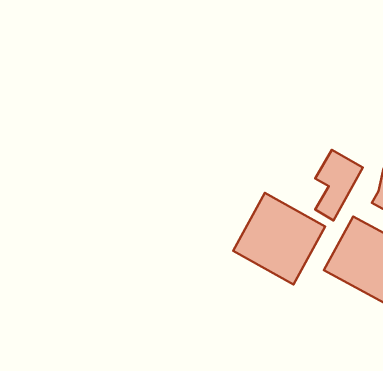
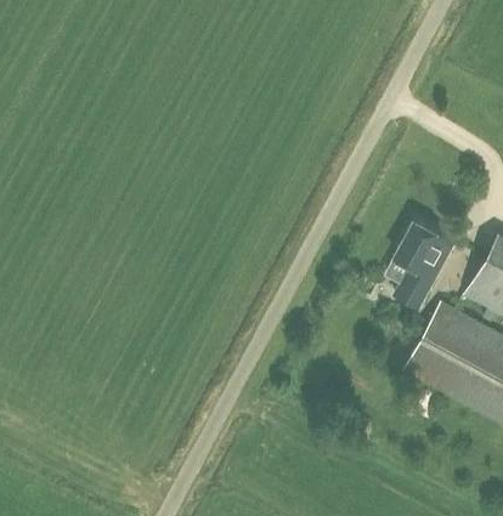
building: [233,193,325,284] -> none

